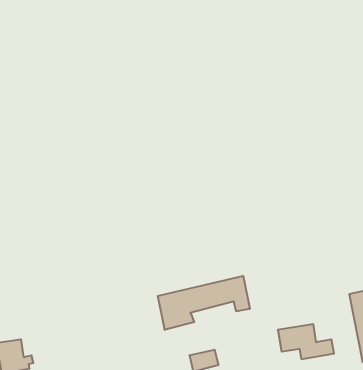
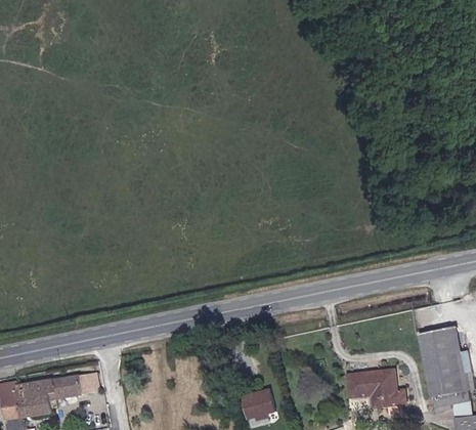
building: [158,276,250,330] -> none
building: none -> [57,374,104,400]

